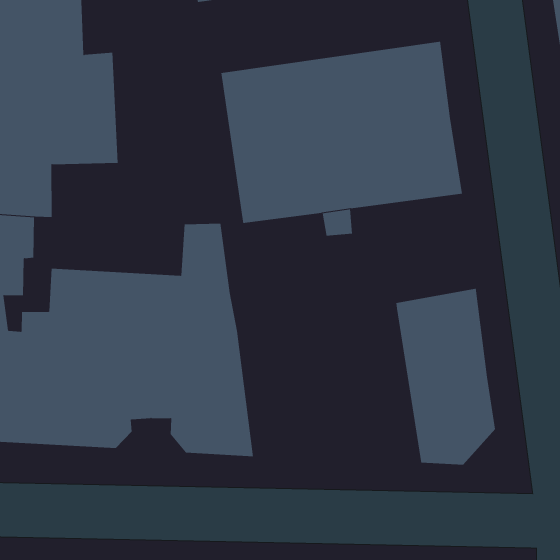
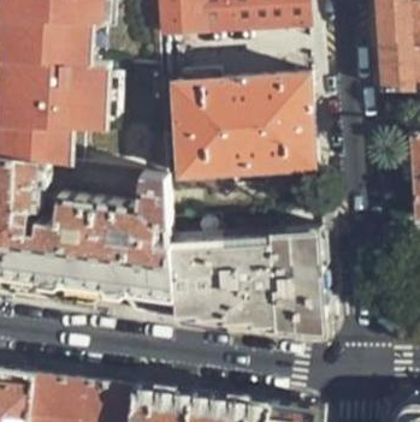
building: none -> [171,234,277,331]

